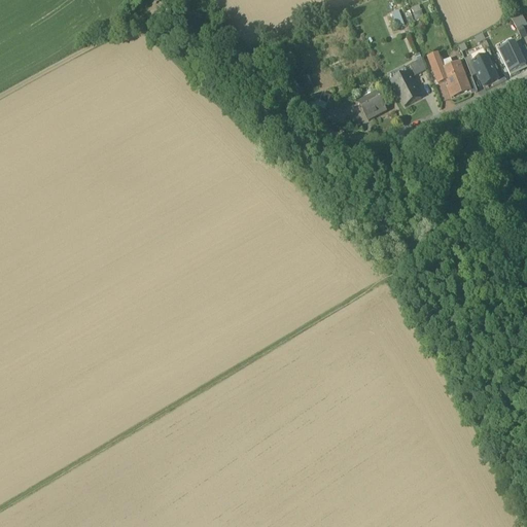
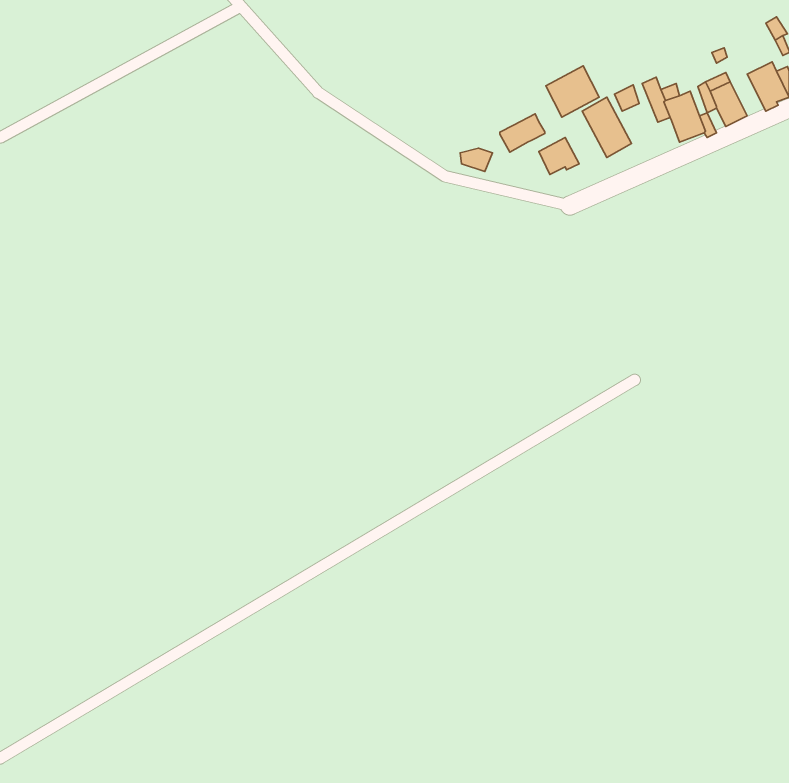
building: none -> [546,66,599,117]
building: none -> [500,114,545,152]

